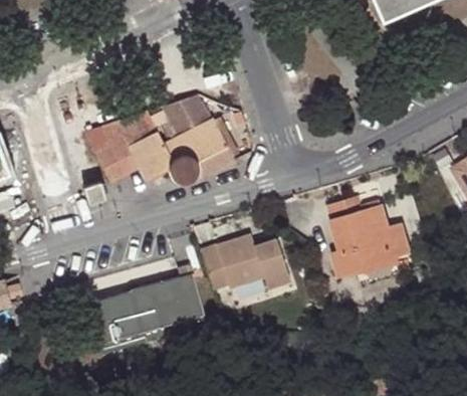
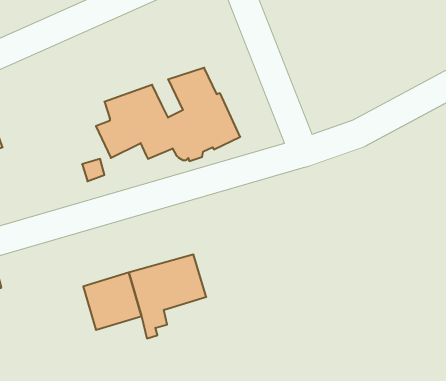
building: [326,196,409,275] -> none
building: [199,234,288,287] -> none

